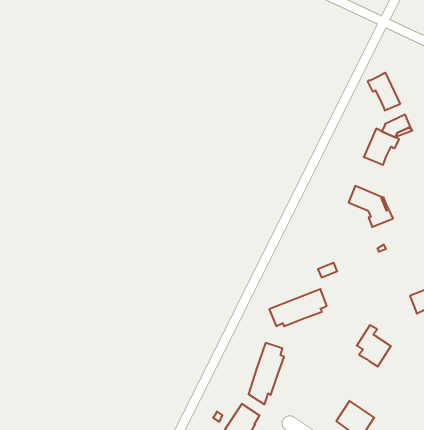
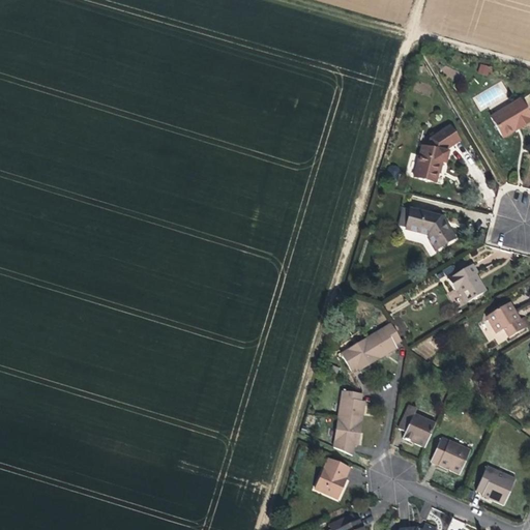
building: [368,73,400,111] -> none
building: none -> [447,263,485,300]
building: [357,325,391,367] -> [399,404,435,446]

